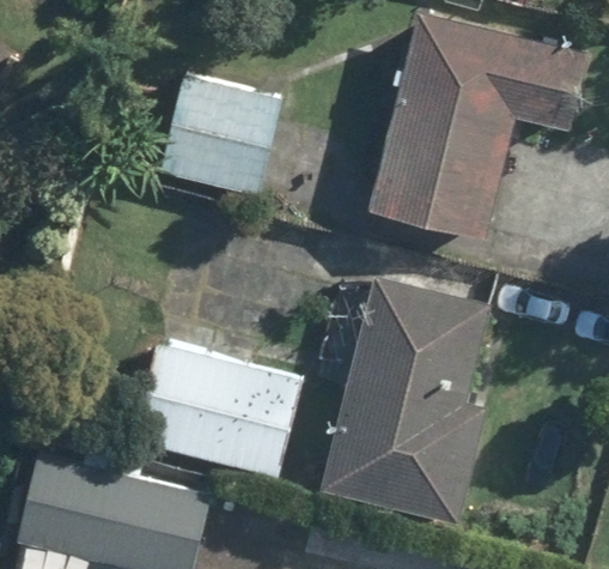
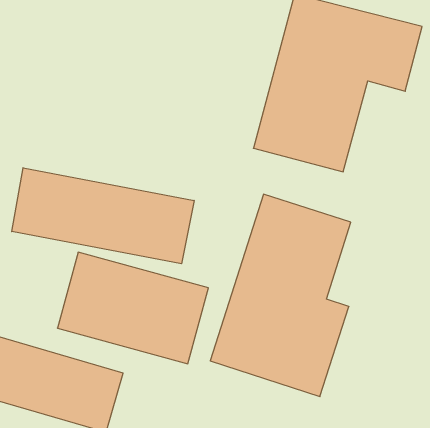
building: [153,74,280,201] -> none
building: none -> [12,168,194,264]

